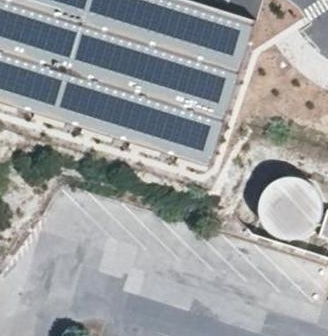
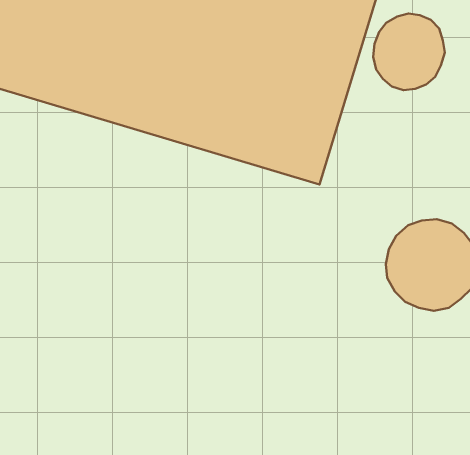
building: none -> [373,14,445,90]

